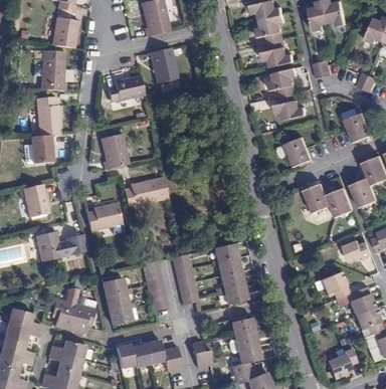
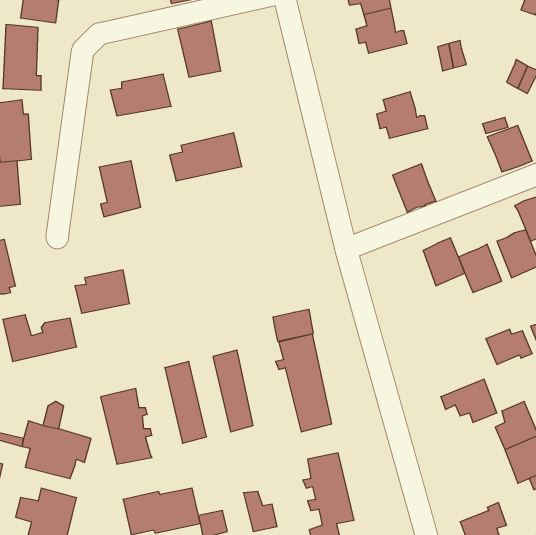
building: [268,67,298,96] -> none
building: [123,177,168,207] -> [170,133,242,181]
building: none -> [273,309,313,341]

